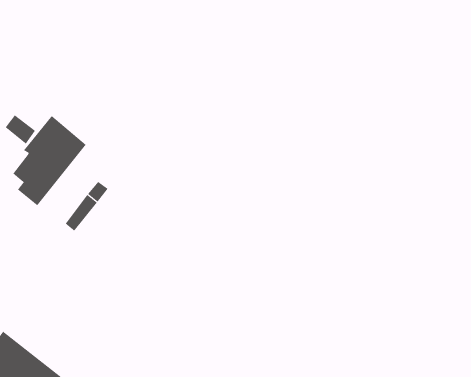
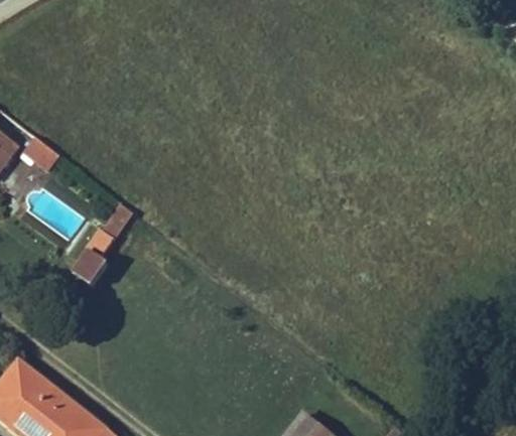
building: [12,115,87,206] -> none

